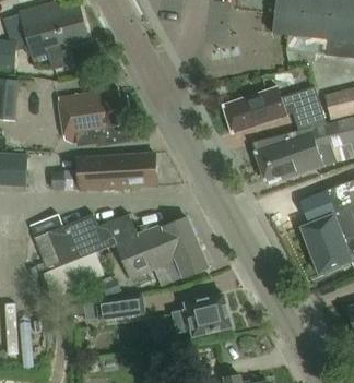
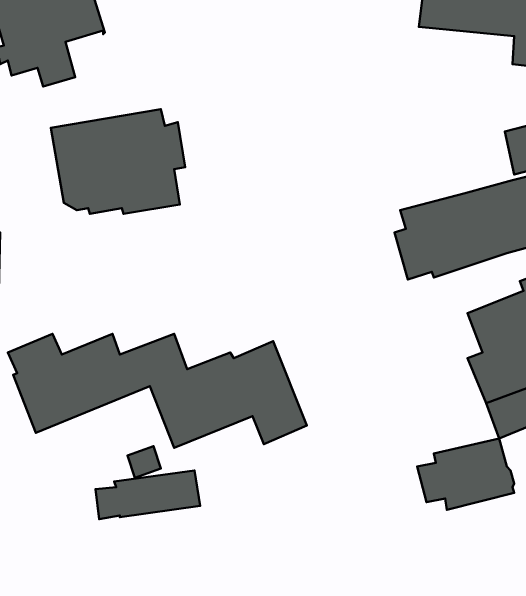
building: [222,86,326,133] -> none
building: [72,153,156,190] -> none
building: [174,295,231,336] -> [417,439,514,510]

